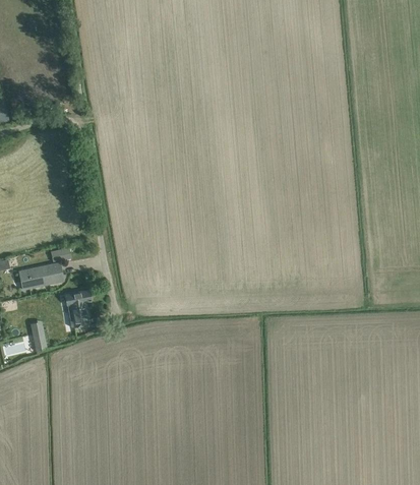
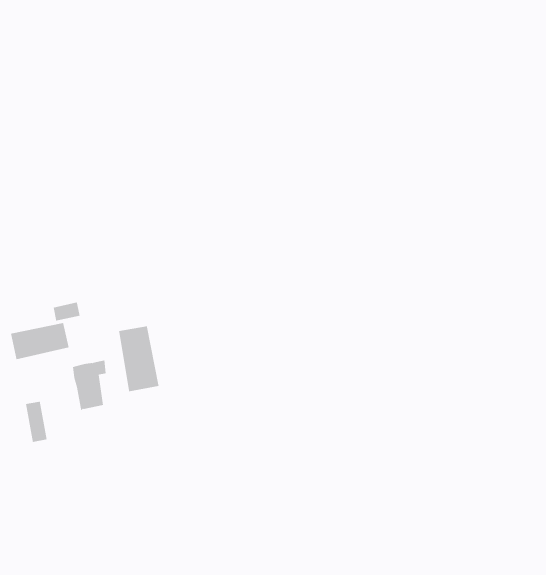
building: none -> [119,326,159,392]

